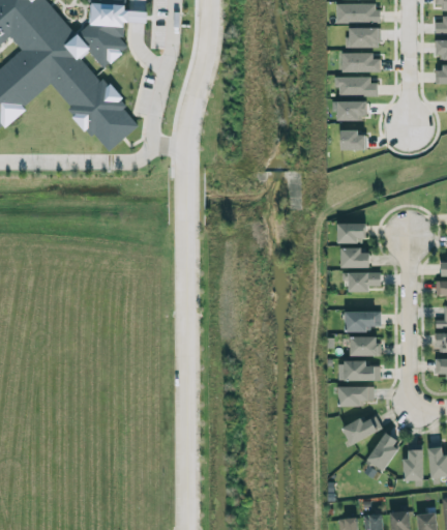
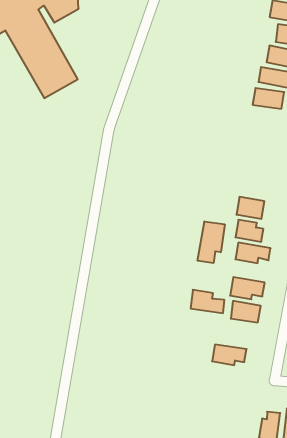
building: [340,131,366,150] -> none
building: none -> [198,221,225,263]
building: [344,360,381,381] -> [191,290,224,313]
building: [341,416,382,444] -> none
building: [364,432,400,474] -> none

